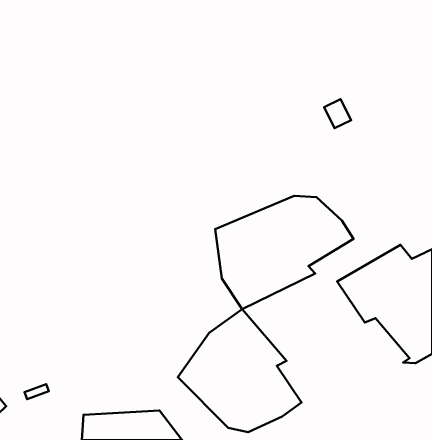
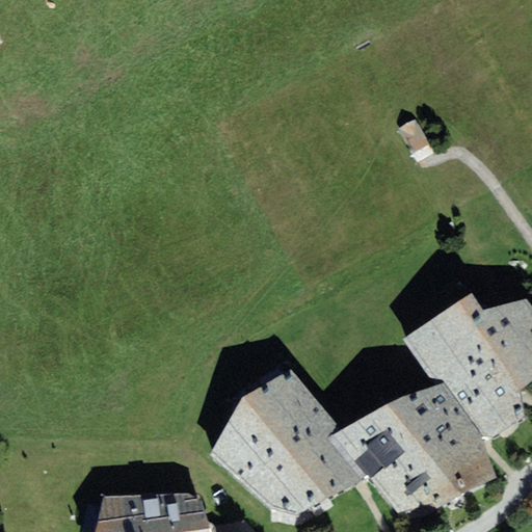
building: [215,196,353,309] -> none
building: none -> [330,379,499,514]

